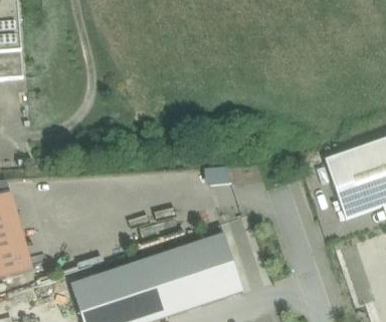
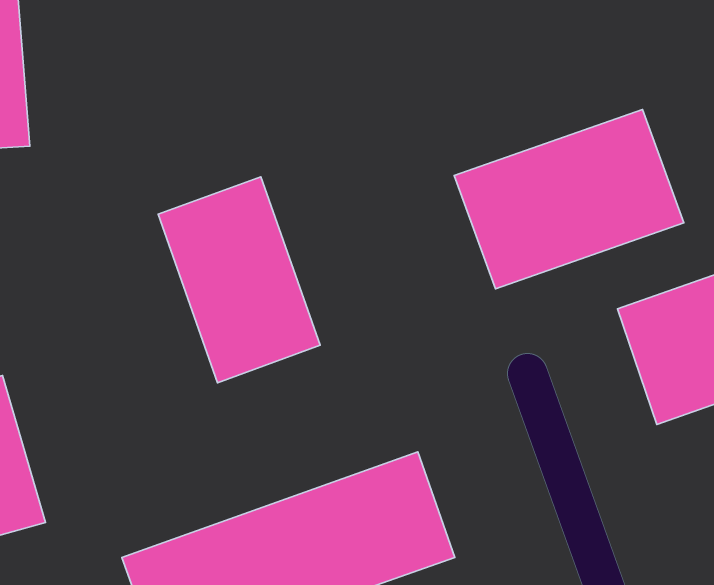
building: none -> [454,110,684,289]
building: none -> [158,177,320,383]

